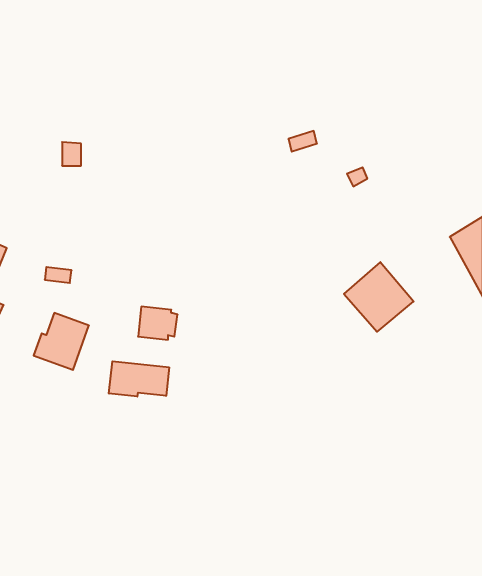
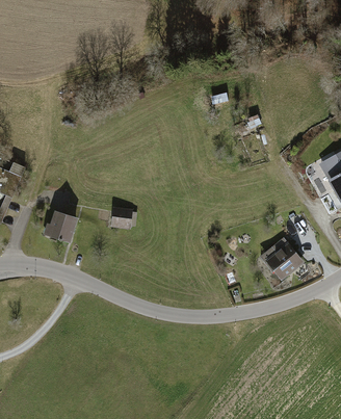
building: [344,262,414,332] -> [257,235,303,281]
building: [109,361,169,397] -> none

